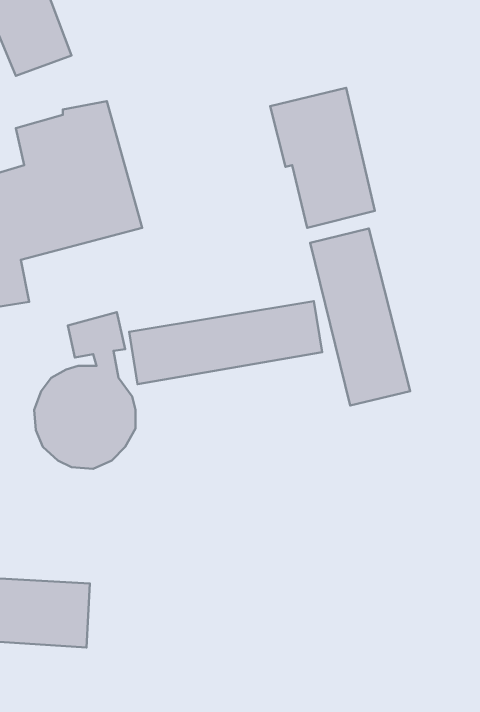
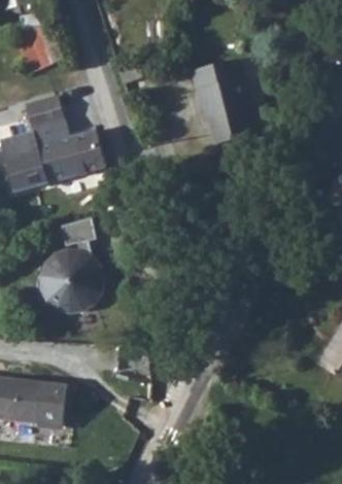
building: [310,229,410,406] -> none
building: [129,301,322,384] -> none

